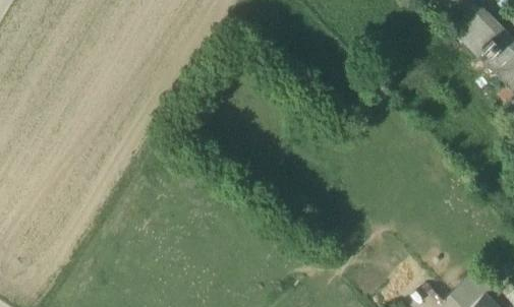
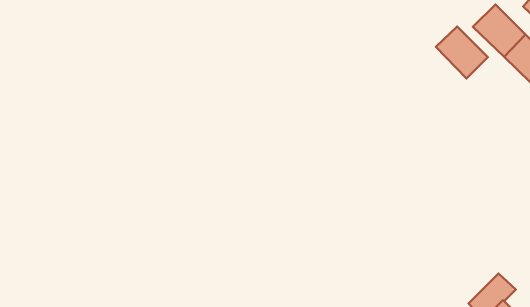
building: none -> [436,27,488,78]

